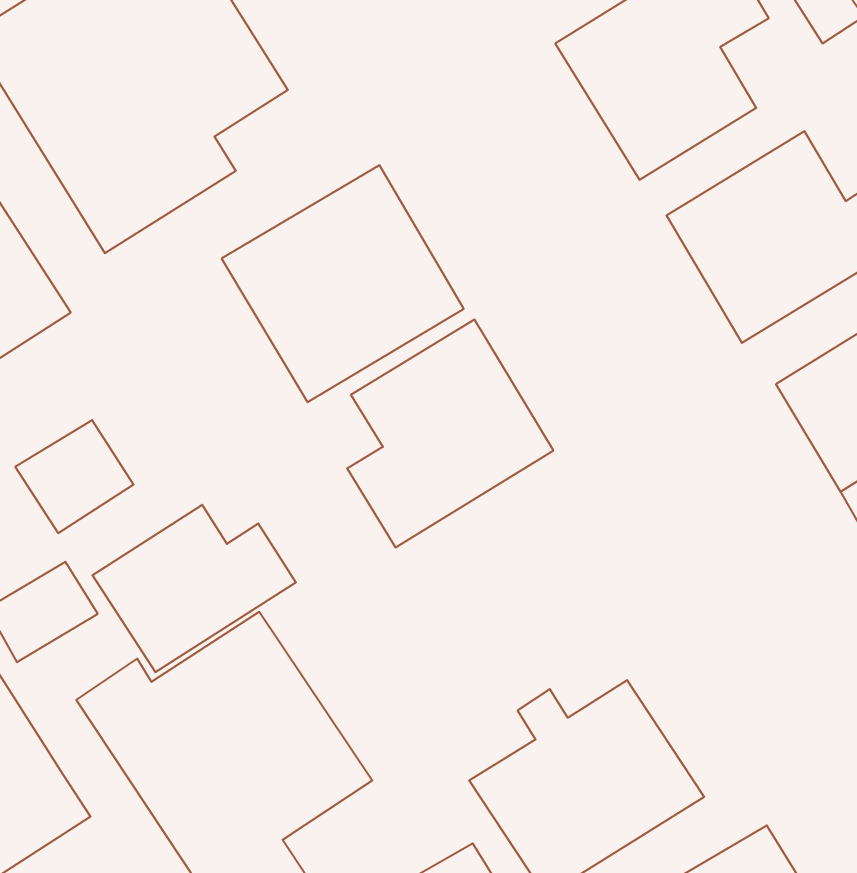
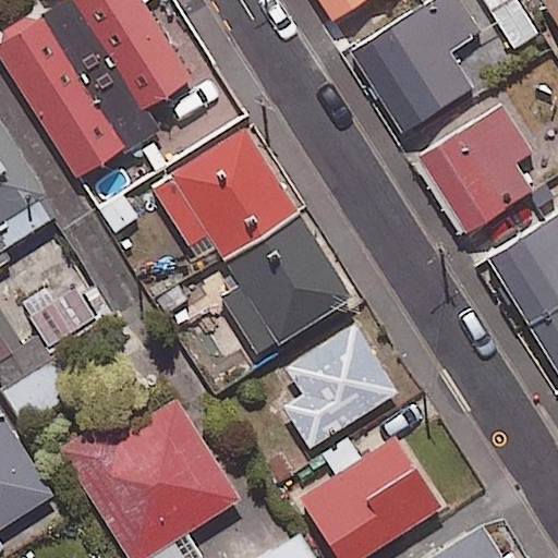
building: none -> [282,326,396,447]
building: [92,505,296,672] -> none

